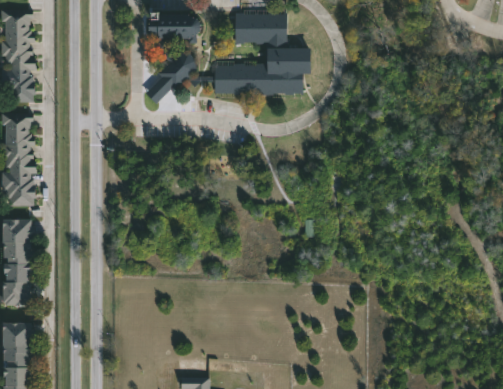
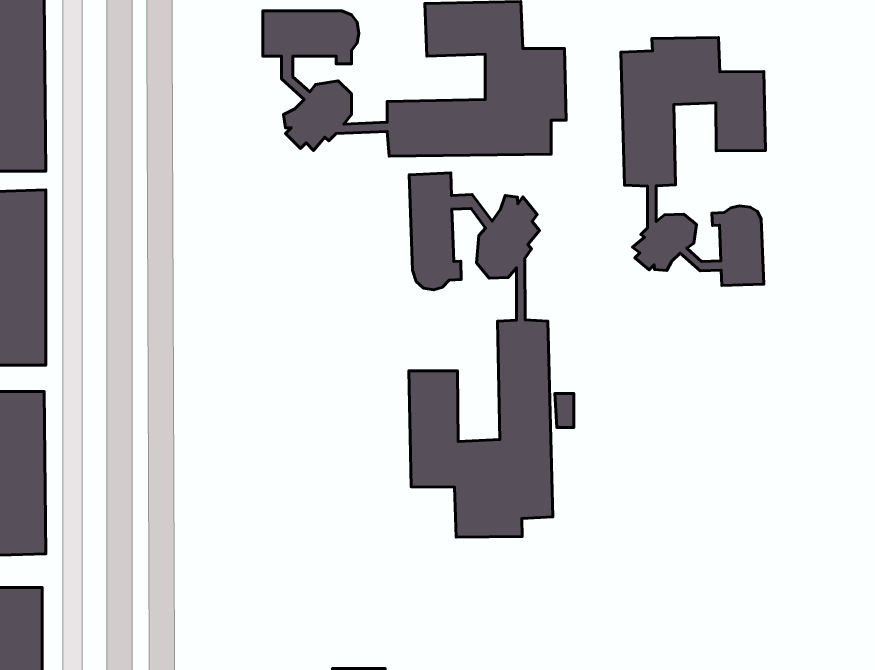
building: none -> [621,38,765,286]
building: none -> [409,173,553,537]

